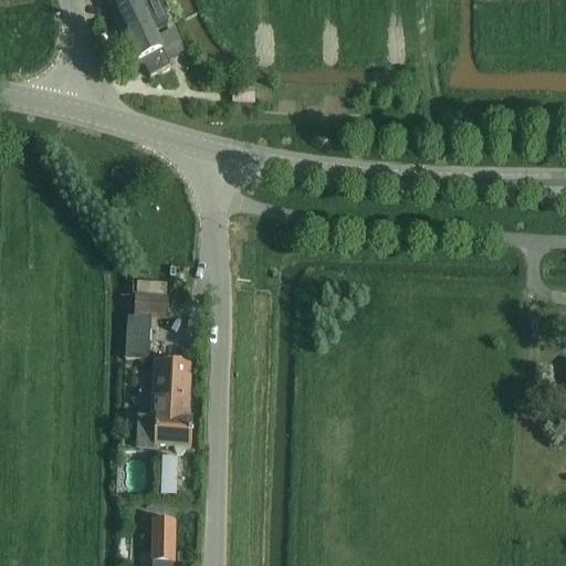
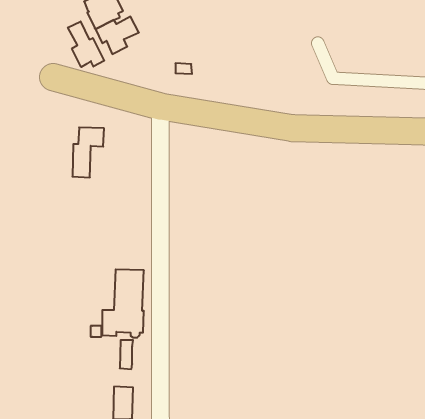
building: none -> [68,21,104,67]
building: [126,289,168,355] -> [72,127,104,177]

